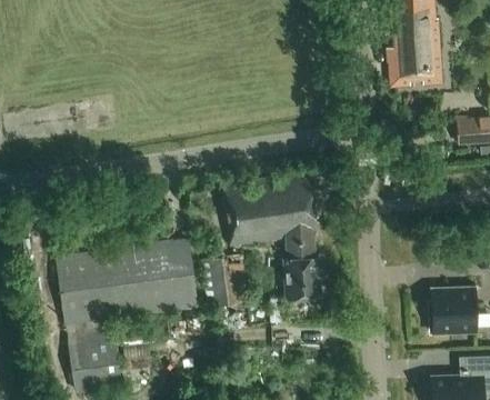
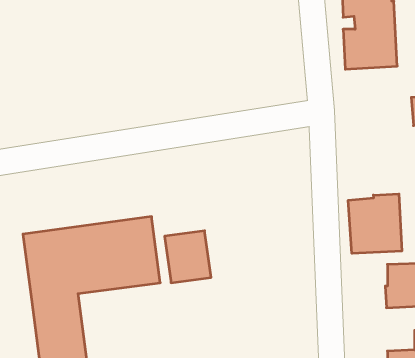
building: [219,173,320,298] -> none
building: none -> [348,194,402,253]

